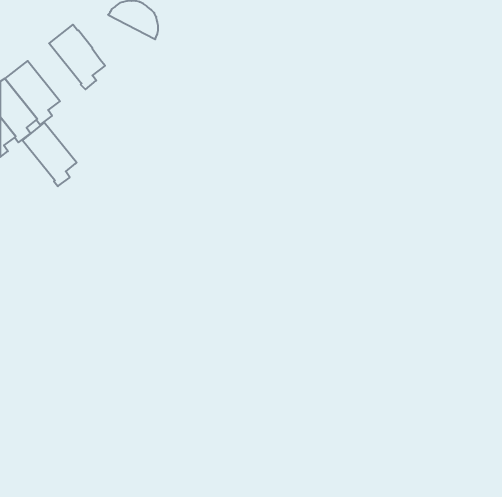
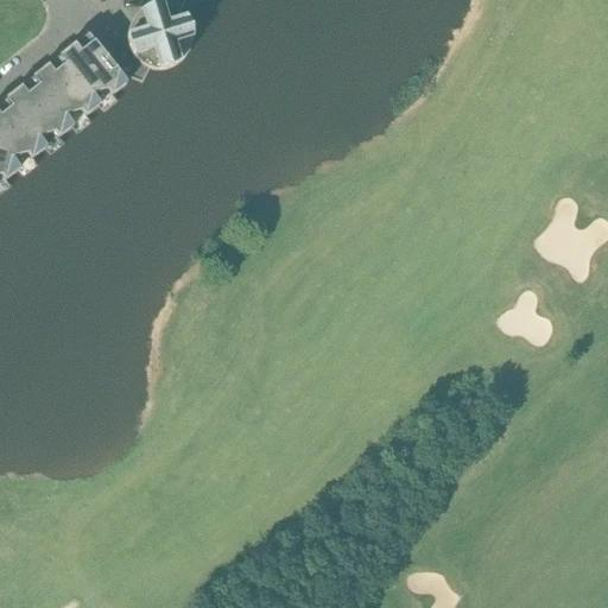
building: none -> [127,18,188,65]
building: [23,122,77,186] -> [33,52,99,129]

